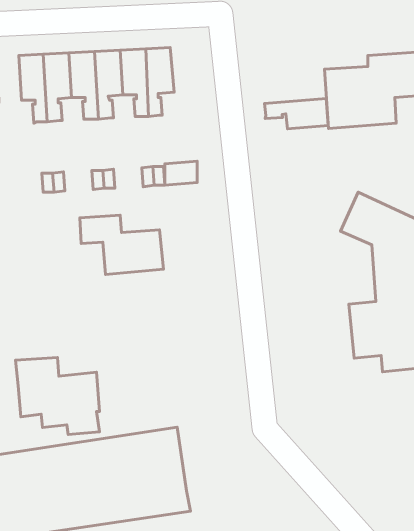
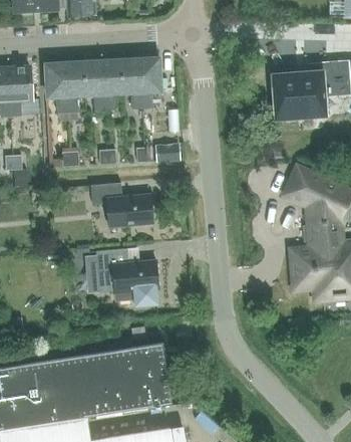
building: [264,99,328,129] -> none
building: [16,357,99,434] -> [95,250,157,307]

